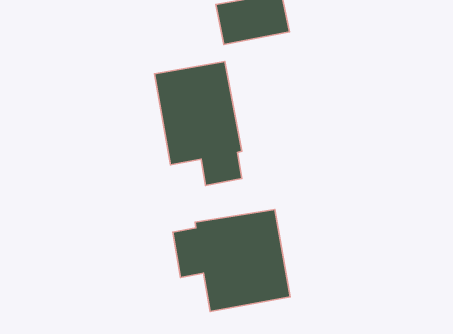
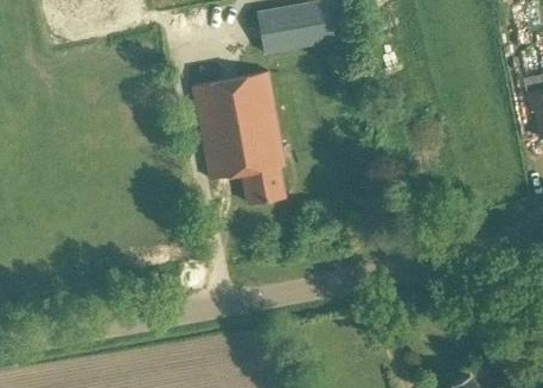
building: [173,209,290,311] -> none

